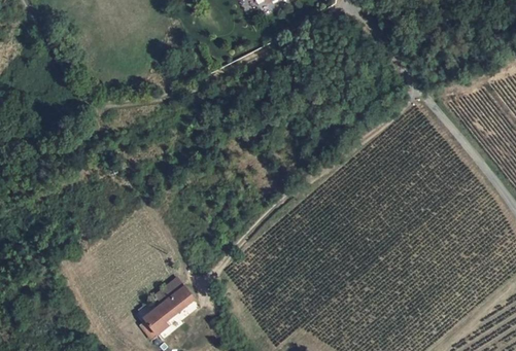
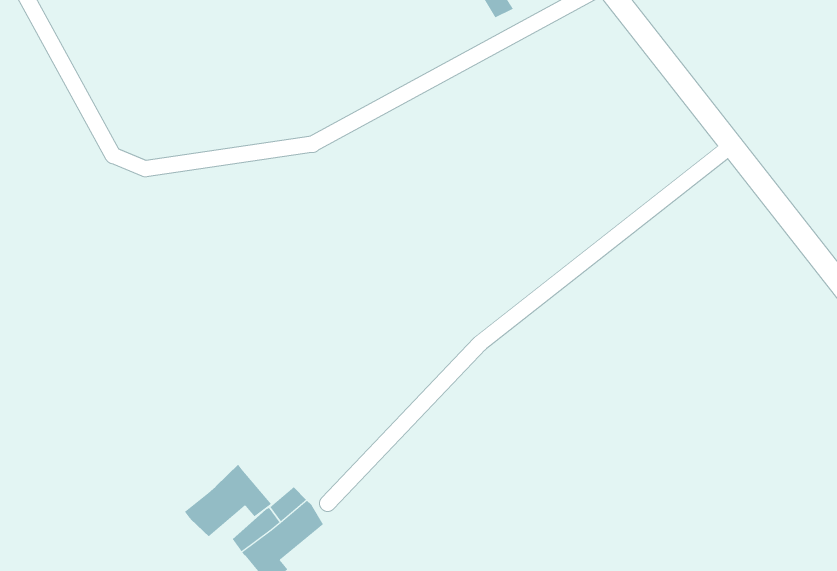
building: none -> [184,464,272,537]

